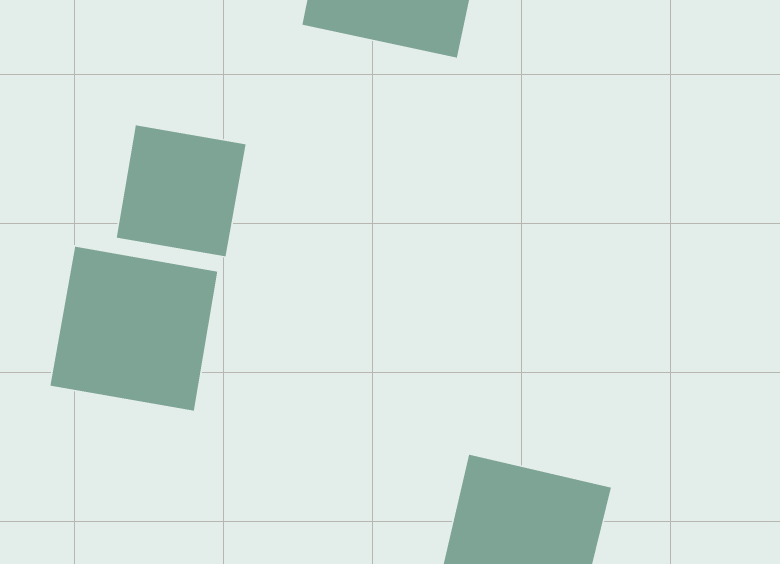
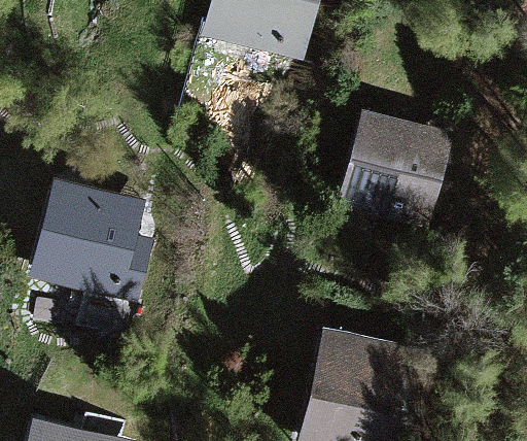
building: none -> [338,107,452,223]
building: [116,125,246,257] -> none

